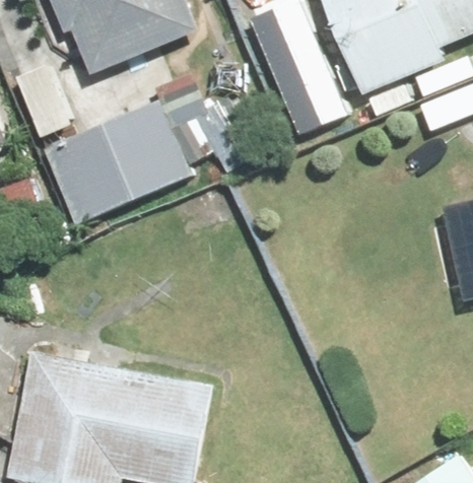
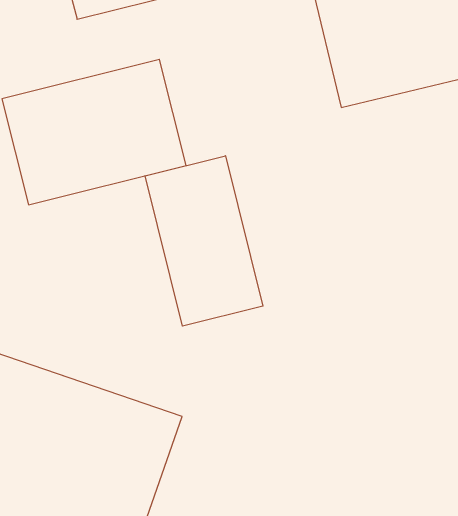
building: none -> [145,156,263,326]

